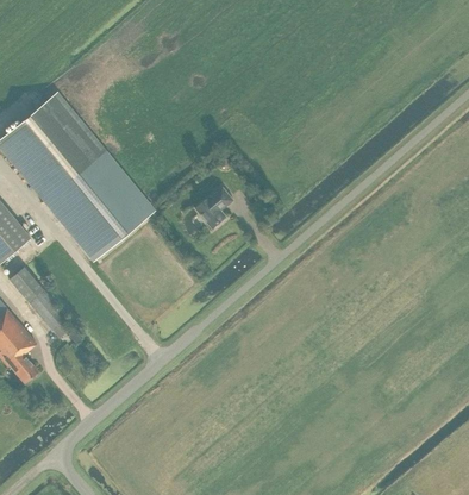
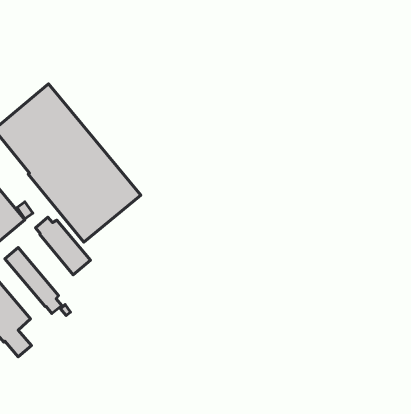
building: [196,186,235,227] -> none
building: none -> [36,217,90,275]

